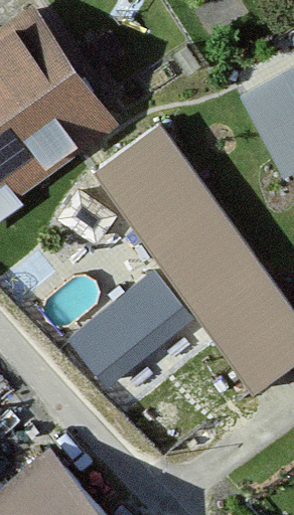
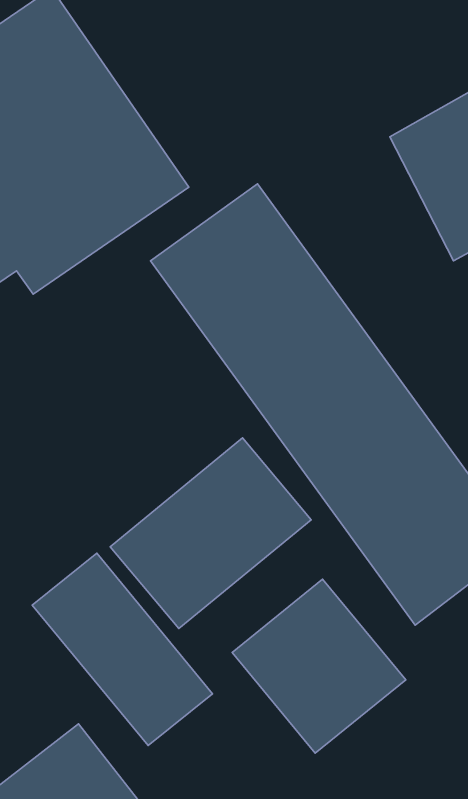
building: none -> [32,553,213,746]
building: none -> [232,579,406,753]

